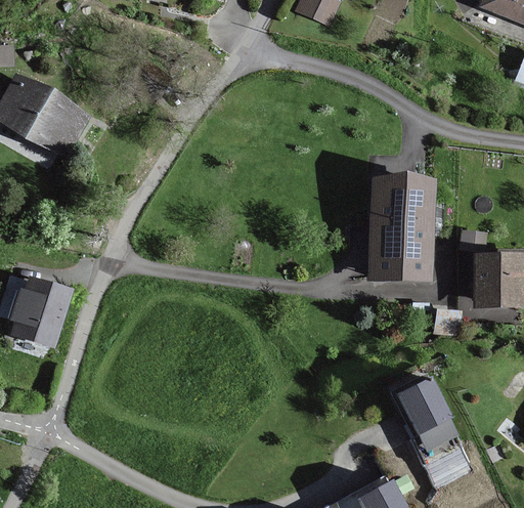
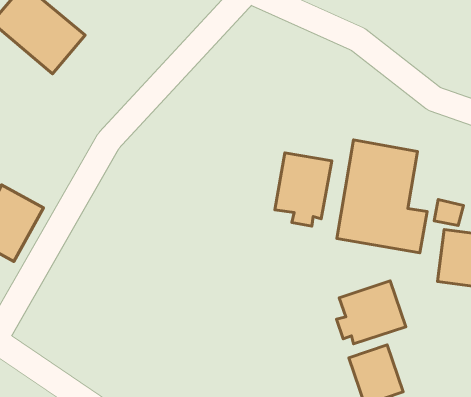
building: none -> [275,153,332,226]
building: none -> [337,281,406,344]

